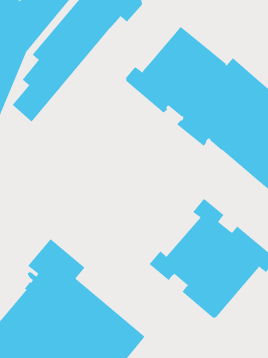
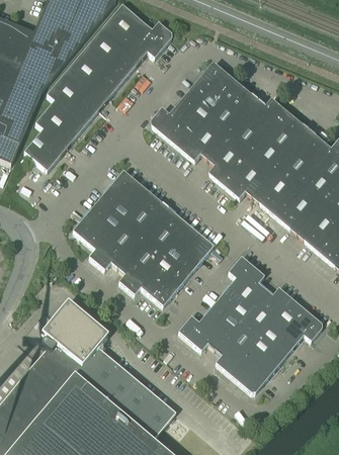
building: none -> [73,170,214,305]

